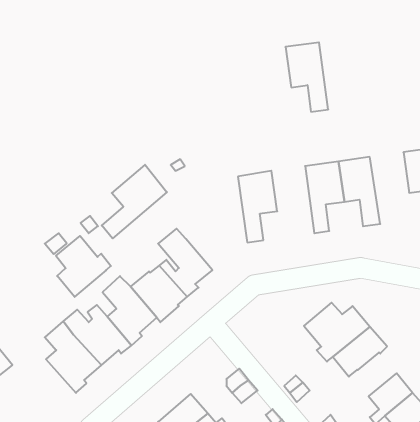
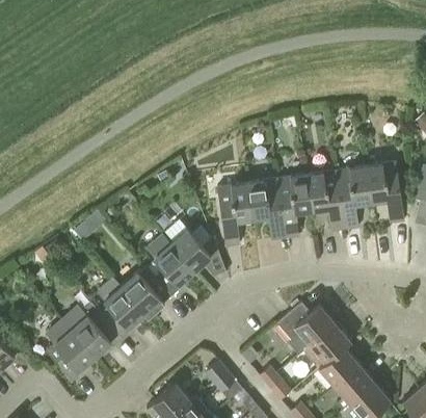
building: [285,42,328,112] -> [247,178,286,240]
building: none -> [336,165,371,230]
building: [102,165,167,238] -> none
building: none -> [170,229,218,271]
building: [56,236,111,297] -> none
building: none -> [318,345,360,385]

